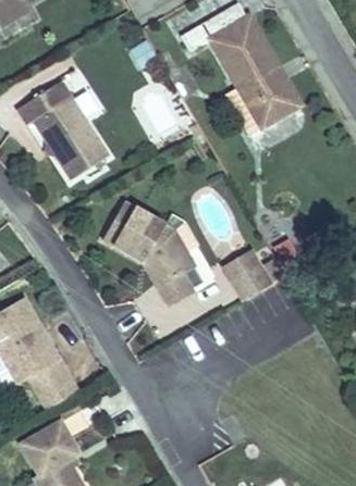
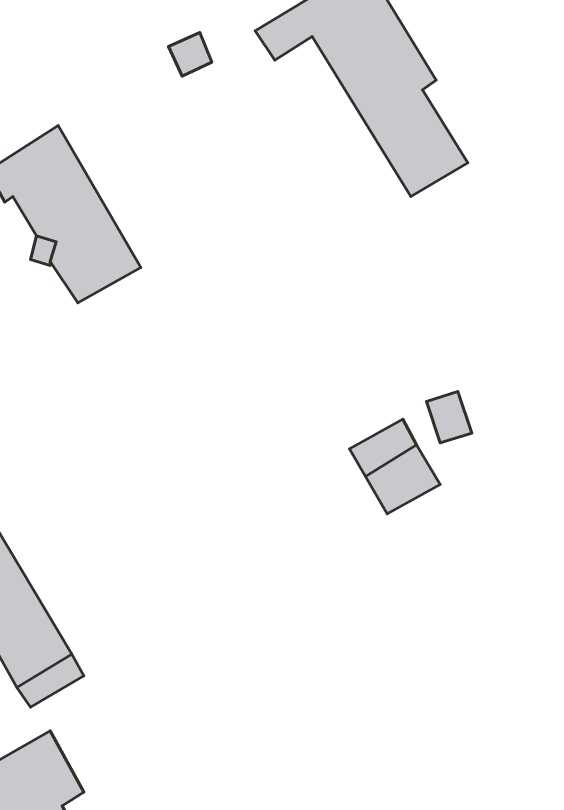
building: [109,202,201,308] -> none

